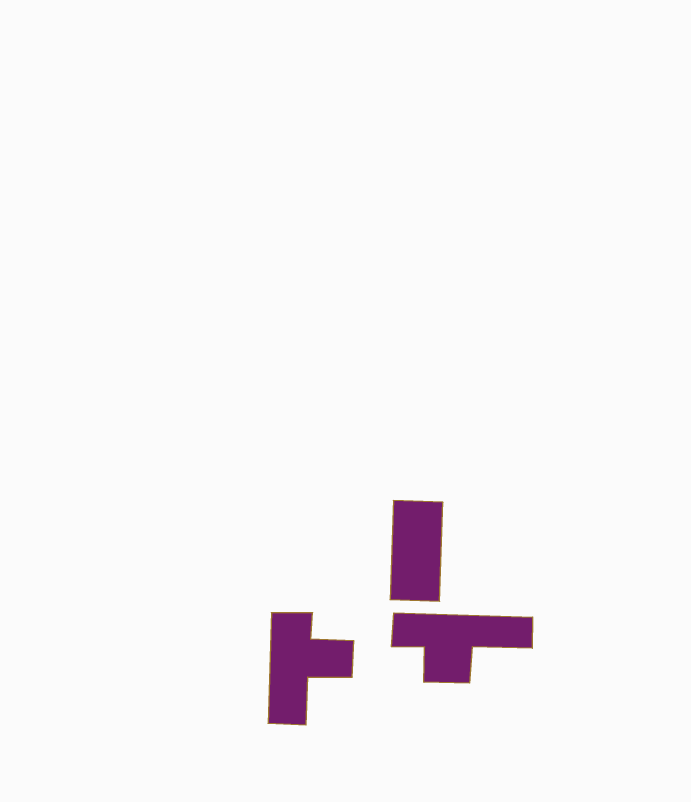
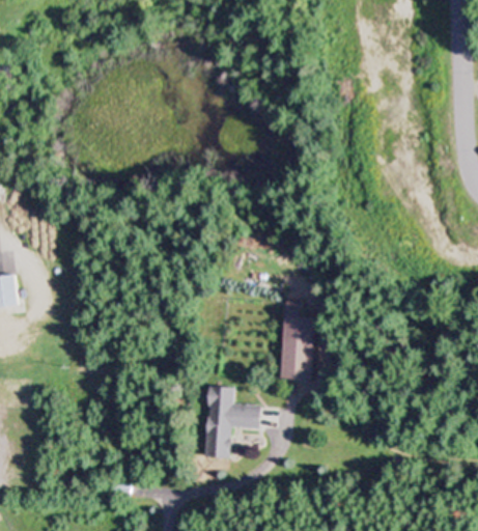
building: [391,613,533,683] -> none

